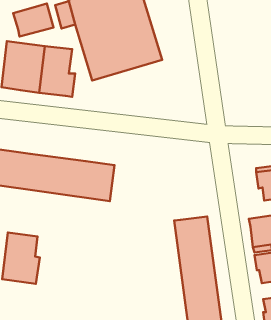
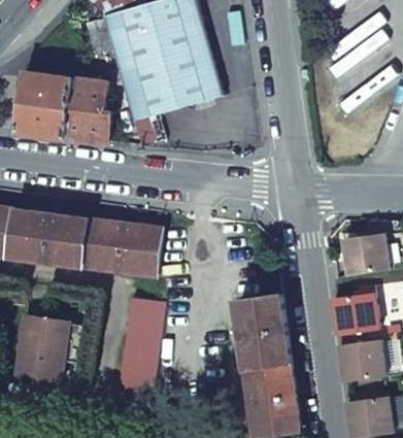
building: [13,4,53,36] -> none
building: none -> [117,299,163,396]

